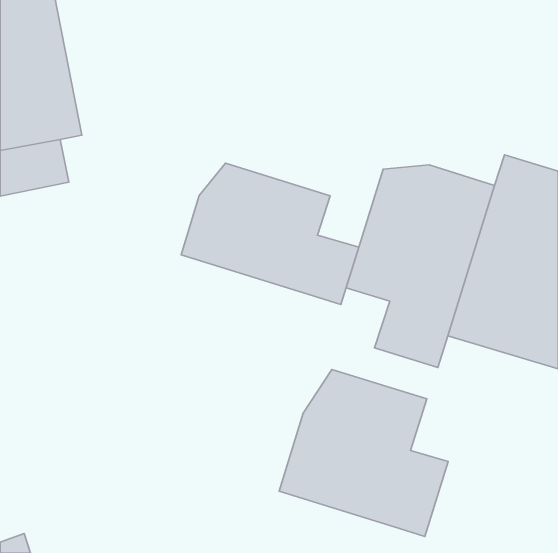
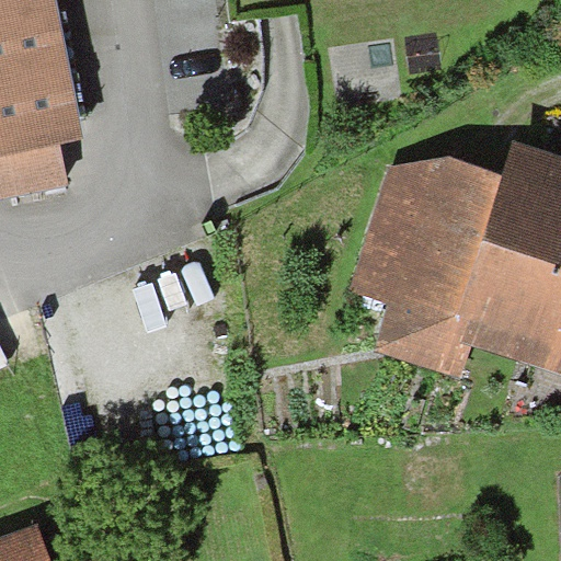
building: [181,163,359,305] -> none
building: [279,369,448,536] -> none

